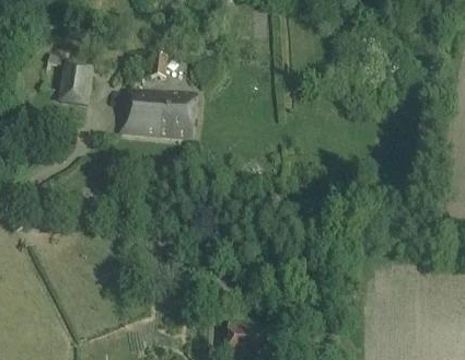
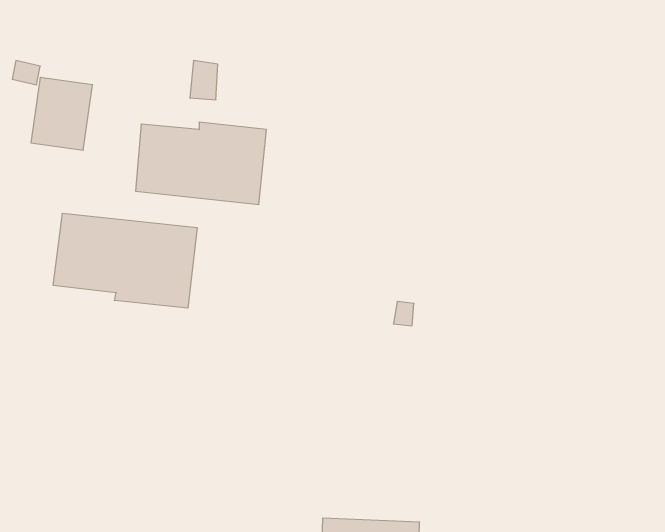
building: none -> [53,213,197,308]

